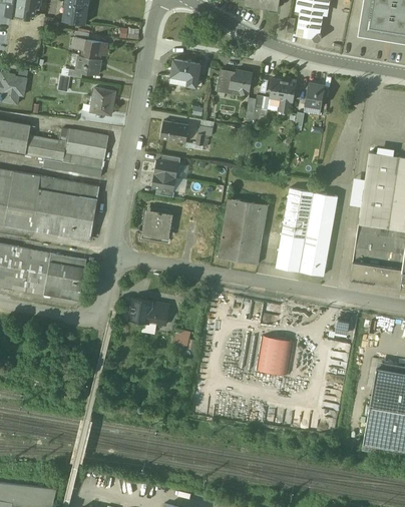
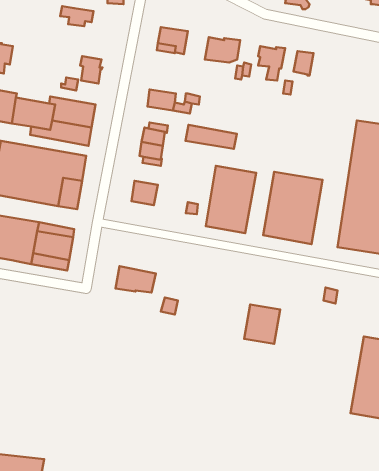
building: [76,55,100,75] -> none
building: [287,187,338,211] -> [186,125,237,149]

